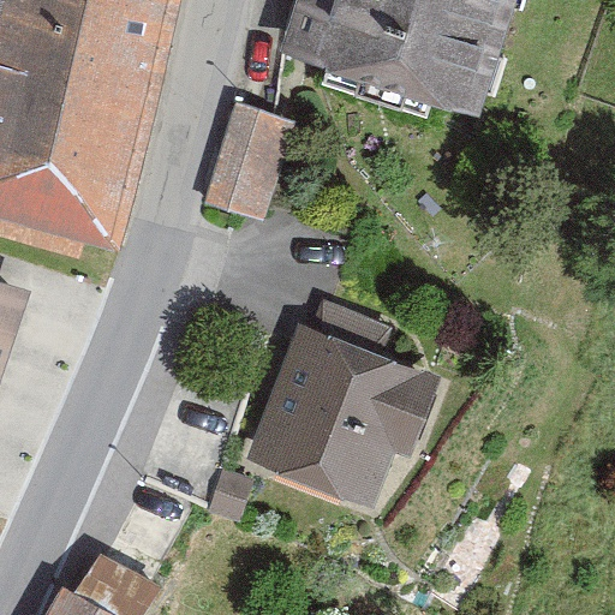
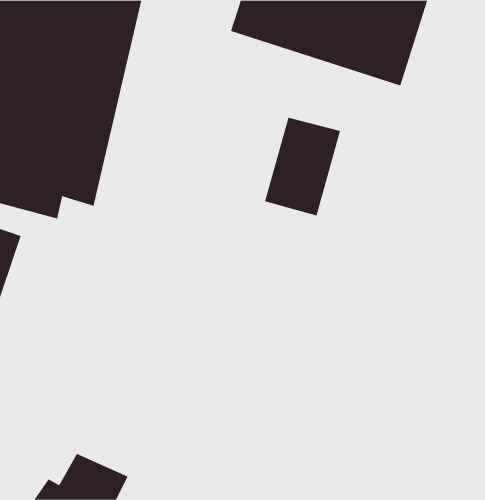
building: [196,105,289,226] -> [264,117,341,216]
building: [249,301,450,507] -> none

